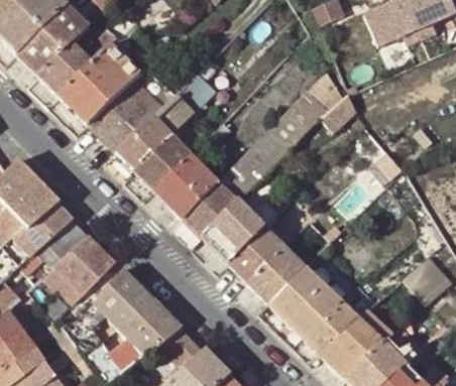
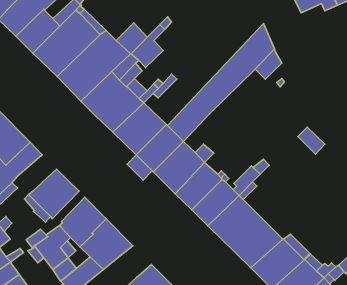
building: [39,217,86,260] -> none
building: [158,326,200,364] -> none

